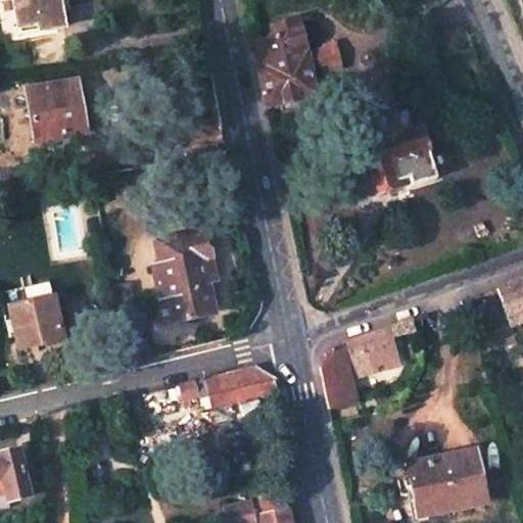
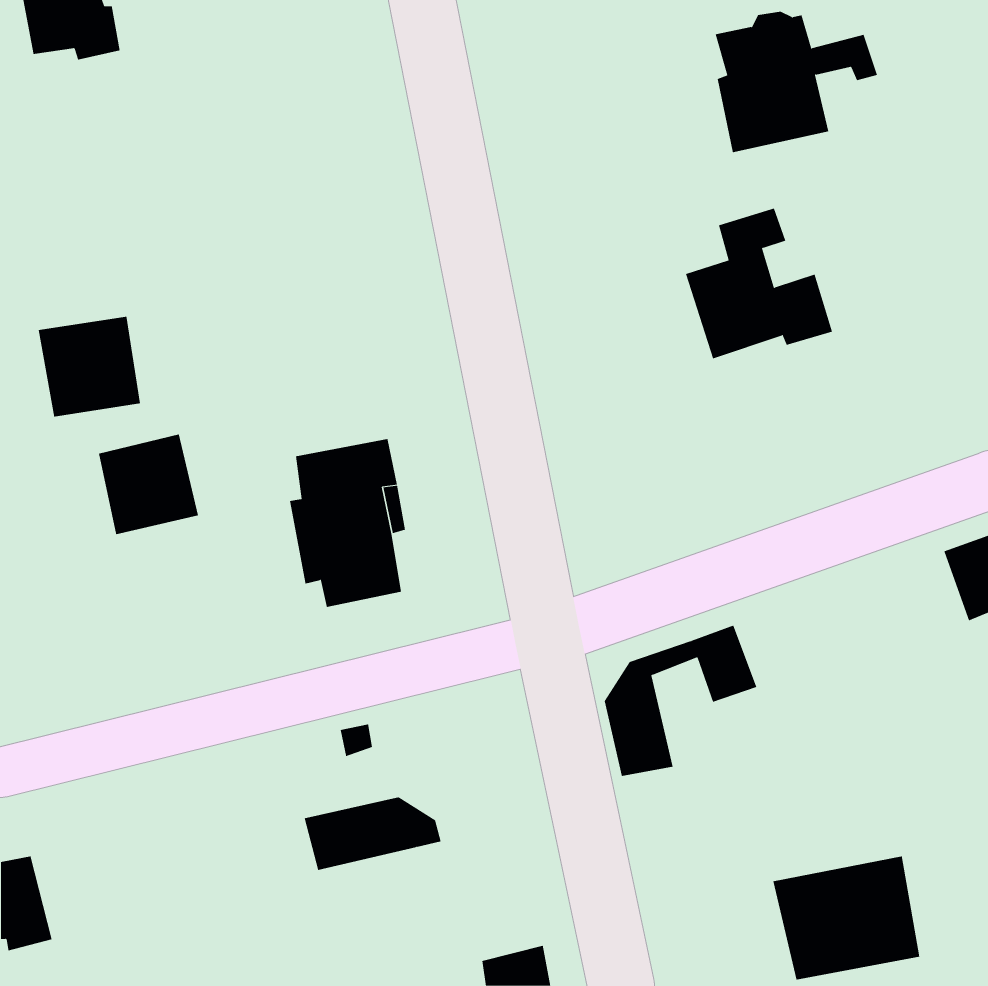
building: [260,30,346,104] -> [715,11,878,153]
building: [32,84,86,137] -> [38,316,141,417]
building: [10,295,63,348] -> [98,434,199,535]
building: [205,367,278,406] -> [304,797,442,871]

